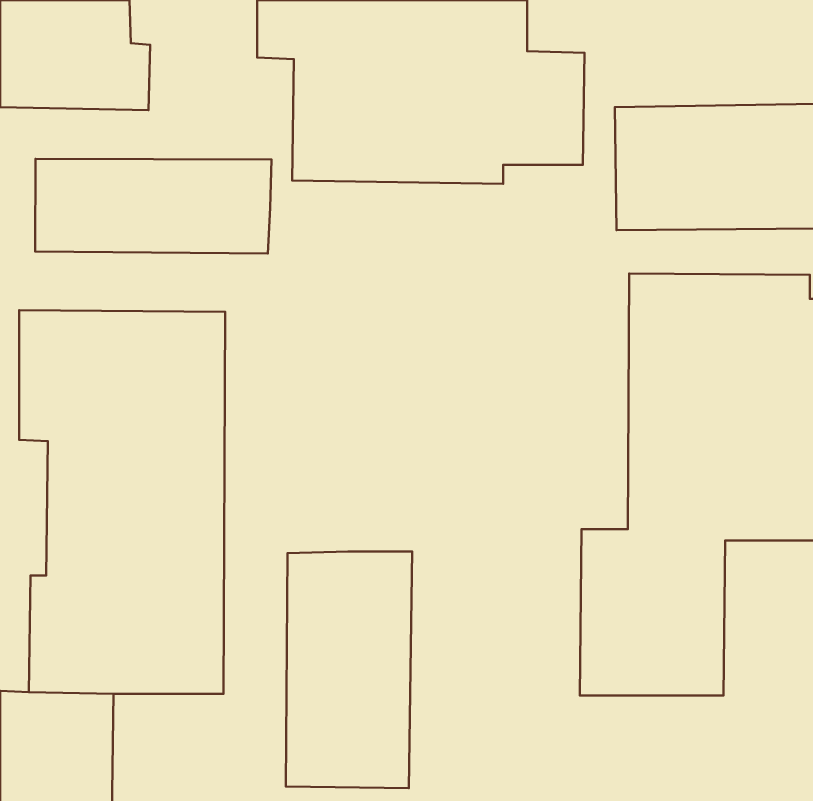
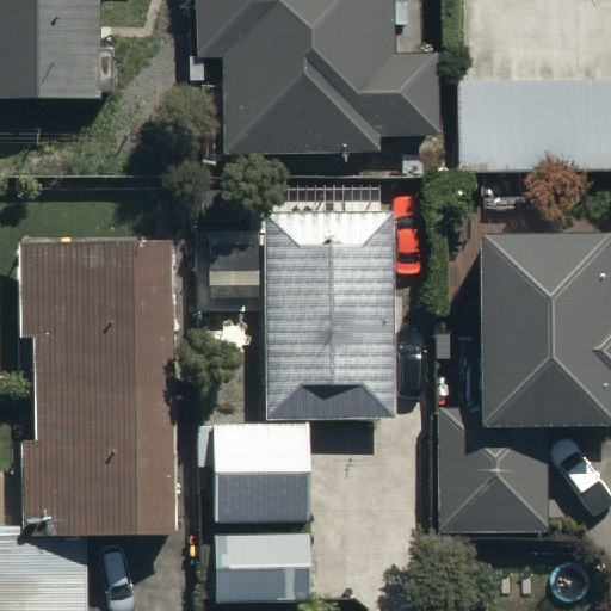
building: [35,159,271,253] -> none
building: none -> [261,210,394,420]

